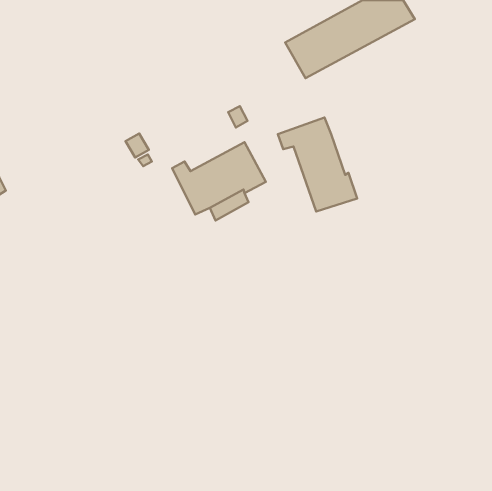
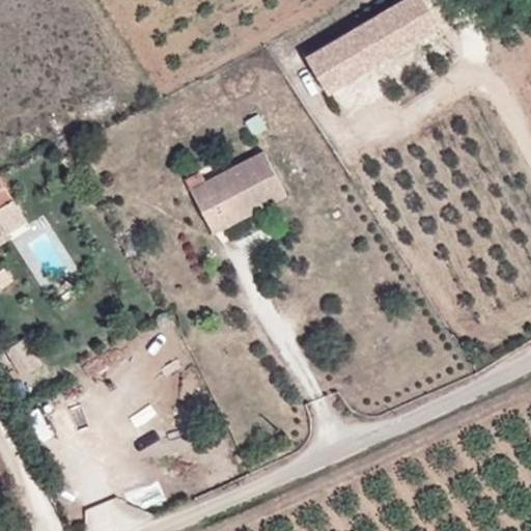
building: [278,118,357,211] -> none

